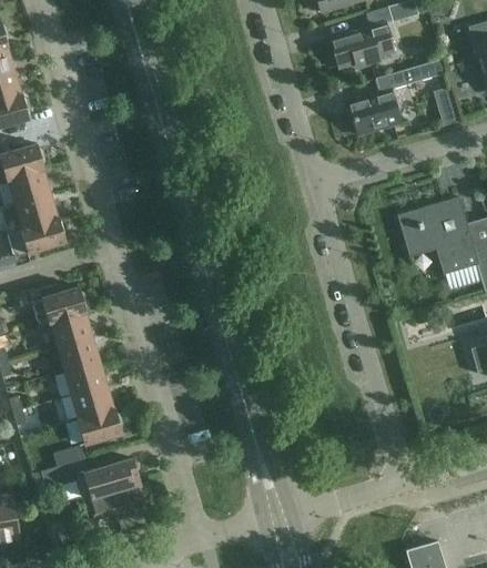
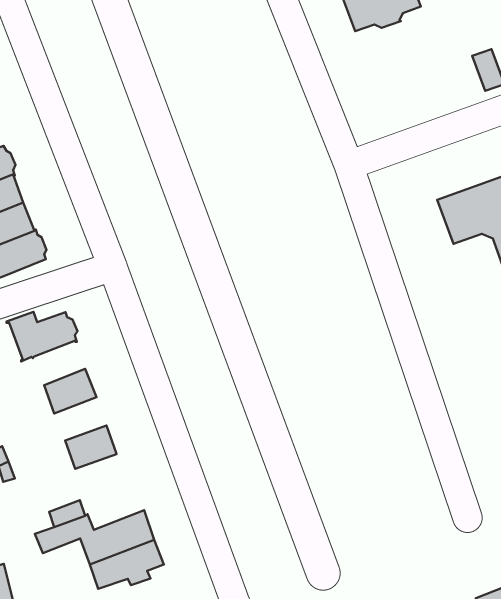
building: [347,58,446,134] -> none
building: [49,311,91,346] -> none
building: [62,359,105,394] -> none
building: [75,407,122,444] -> none

